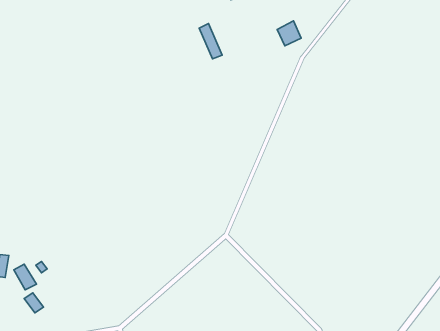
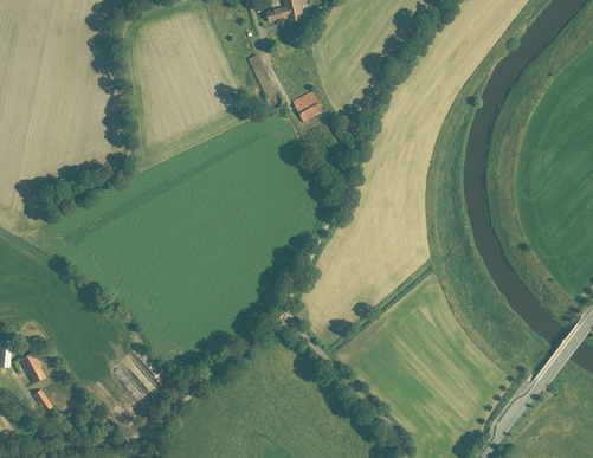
building: [277,21,301,46] -> [294,91,323,122]

